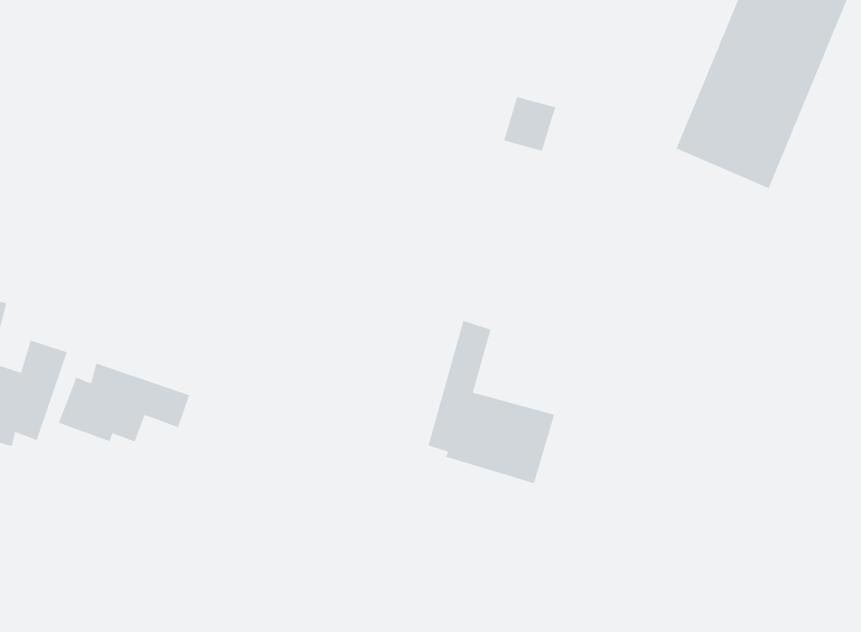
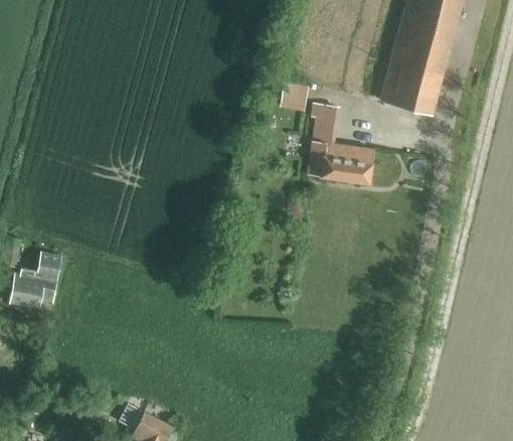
building: [428,320,555,484] -> [308,102,374,185]
building: [58,363,190,443] -> none

